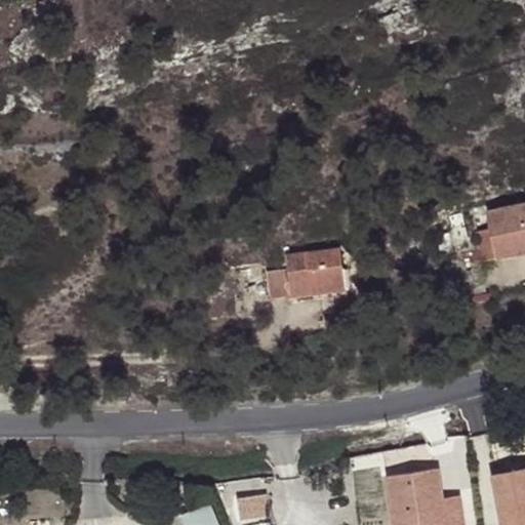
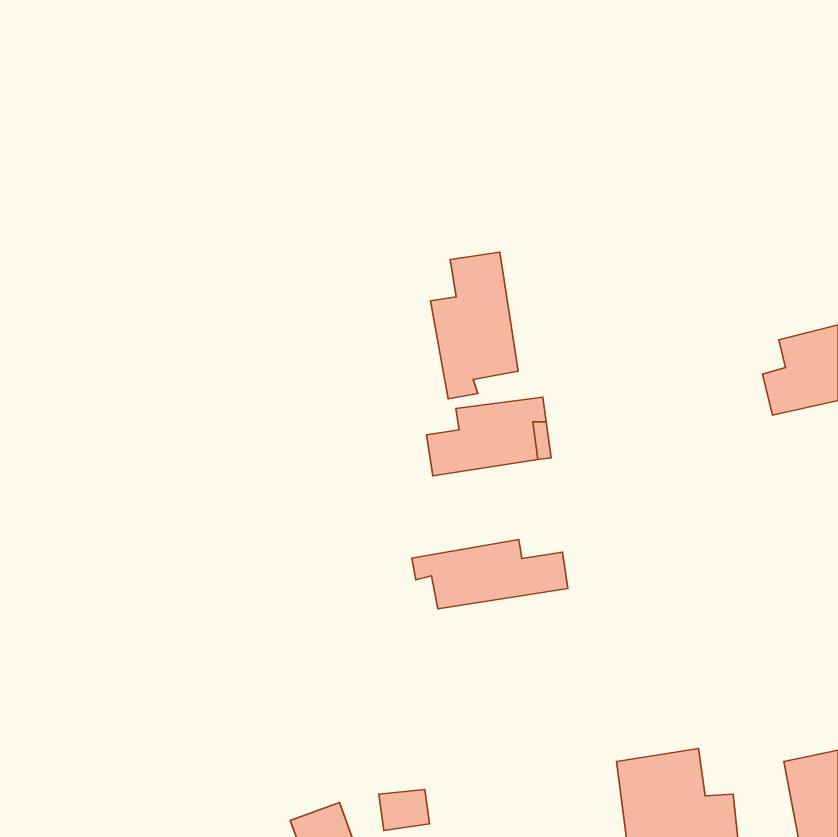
building: none -> [430,252,518,399]
building: none -> [412,540,568,609]

